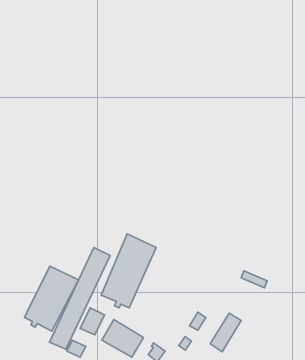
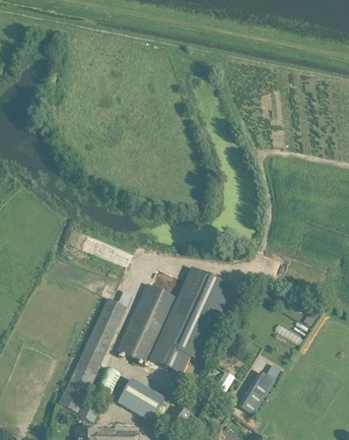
building: none -> [150,266,230,375]
building: [24,266,79,331] -> none

